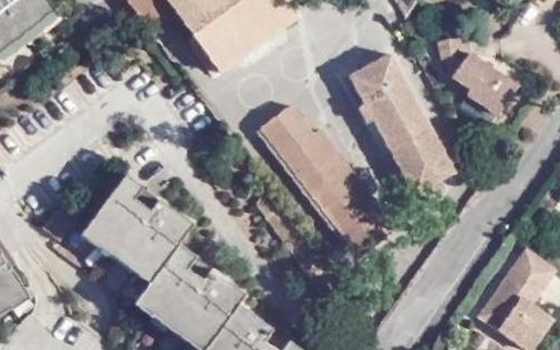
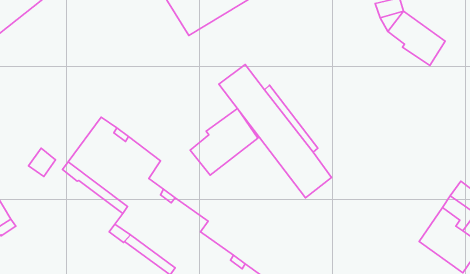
building: [344,59,449,197] -> none
building: none -> [190,109,258,175]

